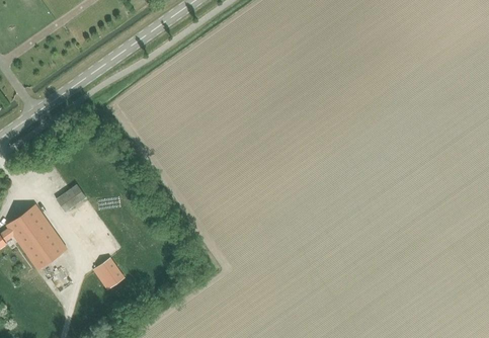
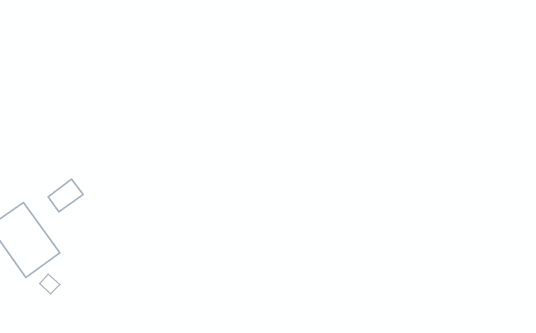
building: [94,257,126,290] -> none

